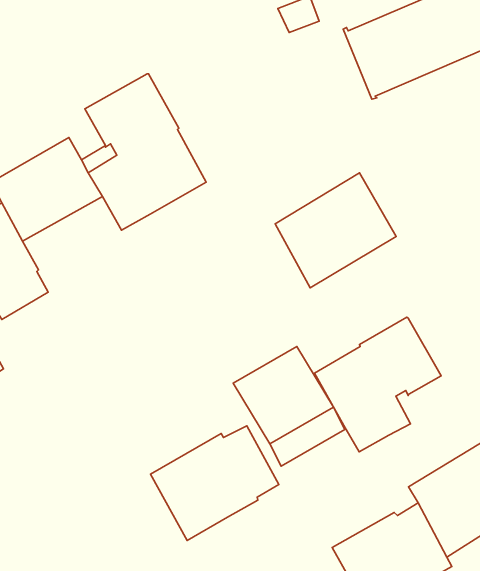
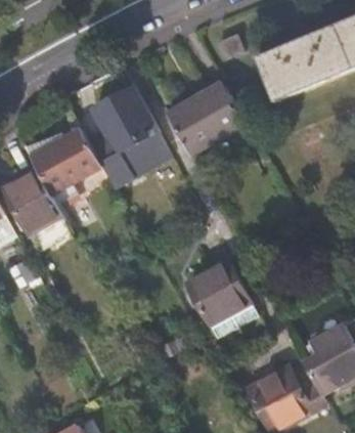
building: [275,173,396,288] -> [165,81,242,155]
building: [315,317,441,452] -> none
building: [151,426,279,541] -> none

